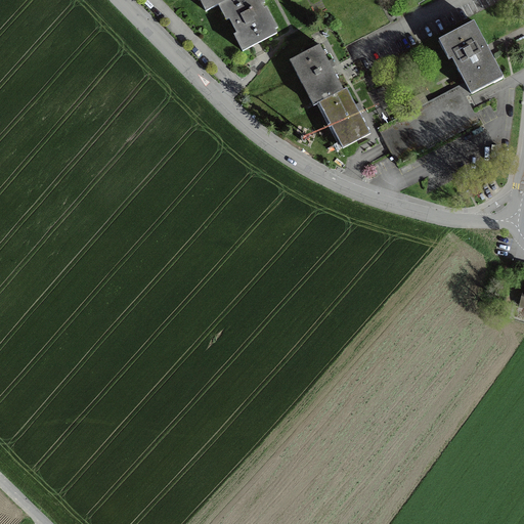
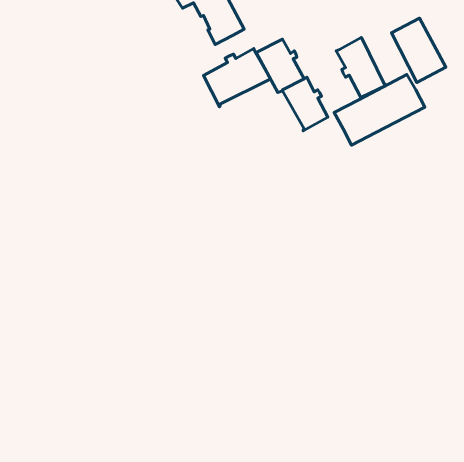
building: none -> [336,38,387,98]
building: none -> [204,48,270,107]

